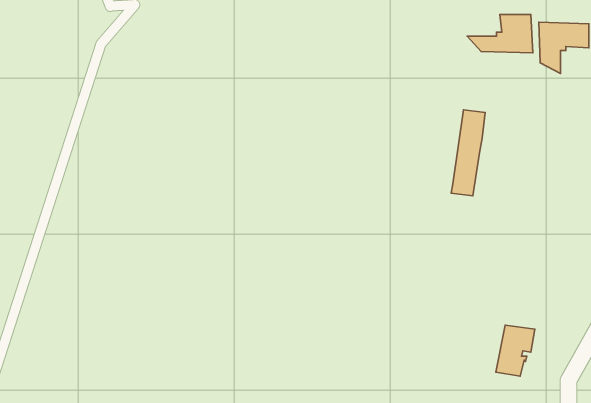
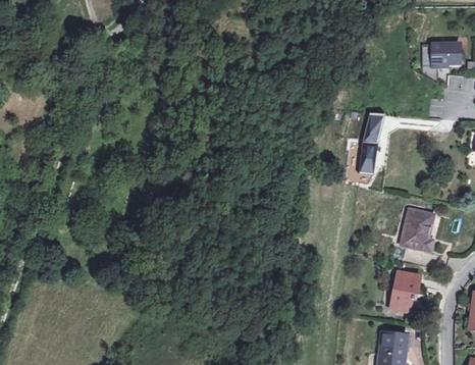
building: [467,14,533,53] -> none
building: none -> [403,209,434,251]

